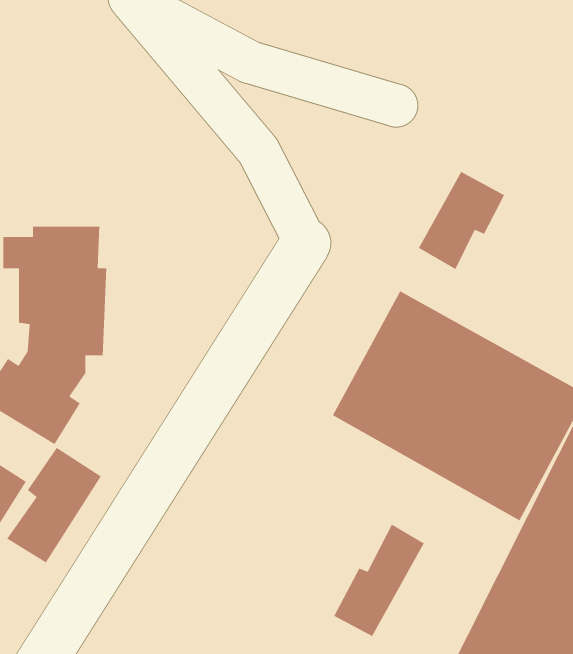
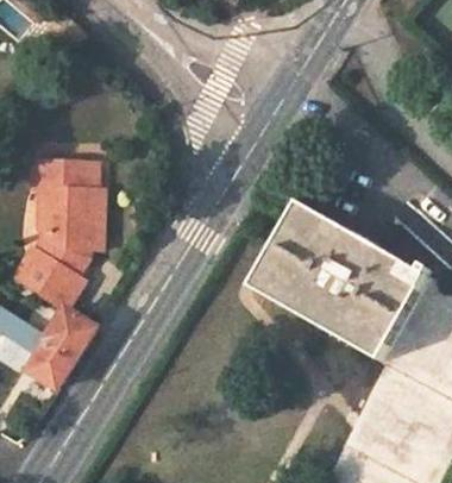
building: [418,171,505,270] -> none
building: [333,523,425,637] -> none

